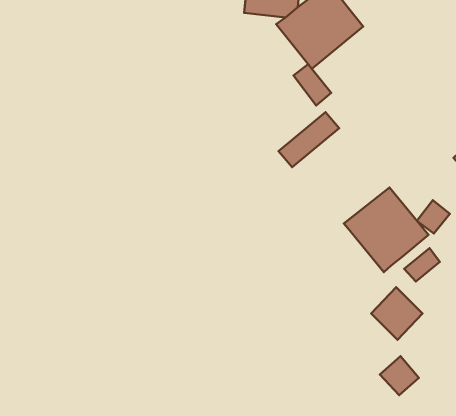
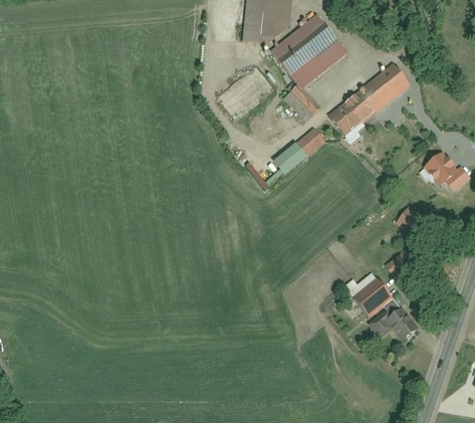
building: none -> [329,62,412,137]
building: [344,188,428,272] -> none
building: [380,356,419,395] -> [384,307,418,342]

